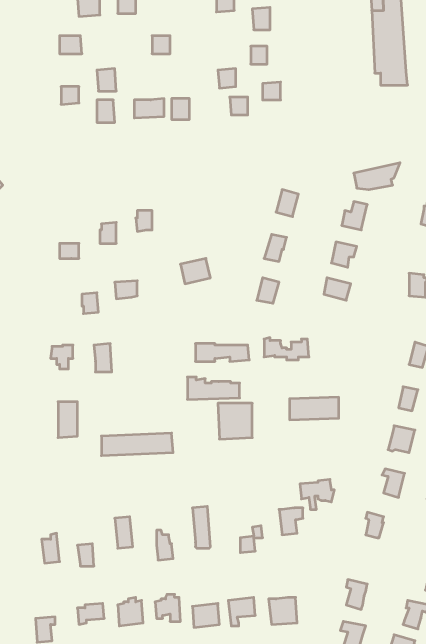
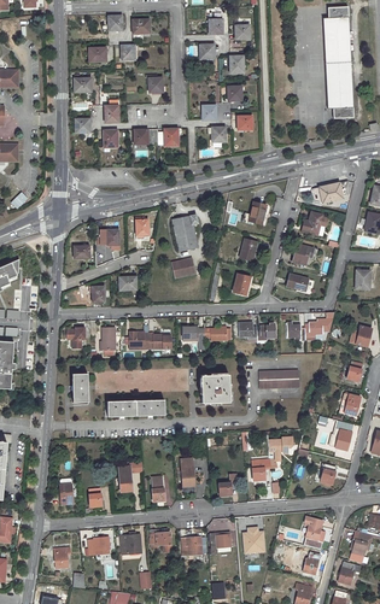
building: none -> [173,215,198,251]
building: none -> [287,319,328,340]
building: [187,377,240,399] -> [129,332,171,350]

